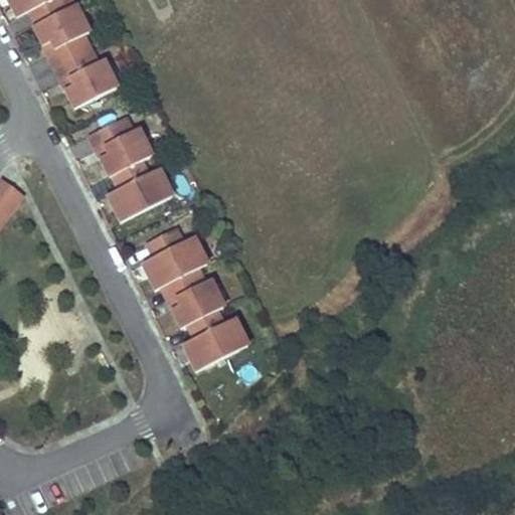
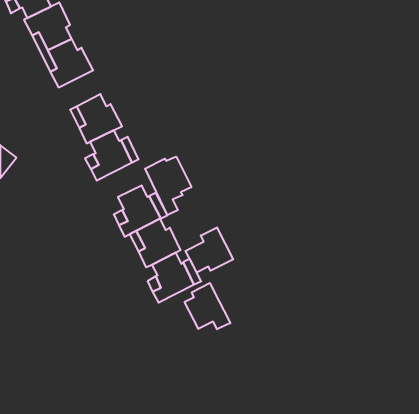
building: none -> [145,157,191,215]
building: none -> [185,227,233,273]
building: none -> [185,283,230,329]

